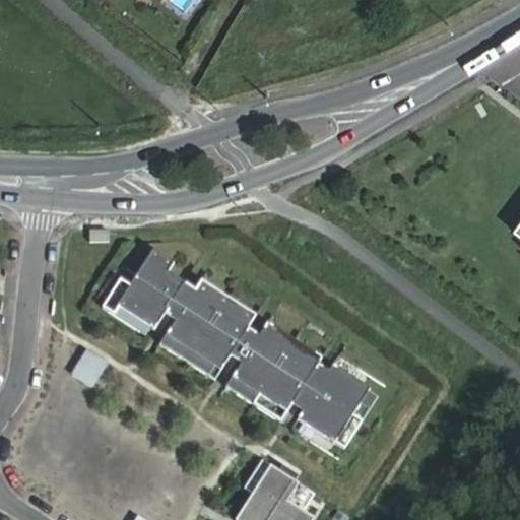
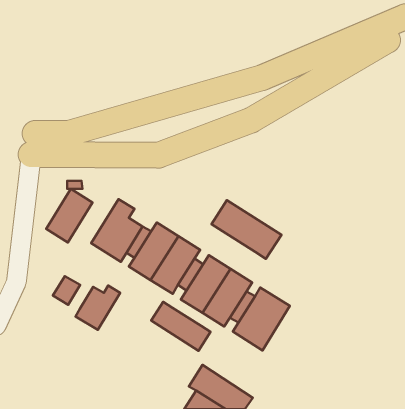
building: none -> [46,189,92,242]
building: none -> [211,200,281,259]
building: none -> [75,285,120,330]
building: none -> [151,302,211,351]

